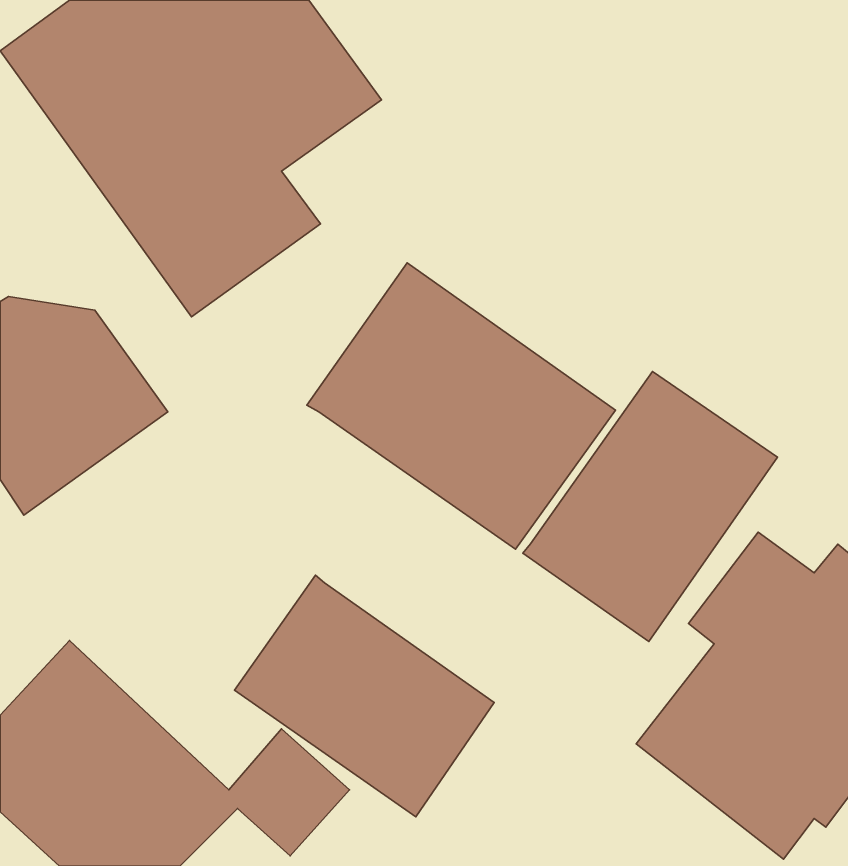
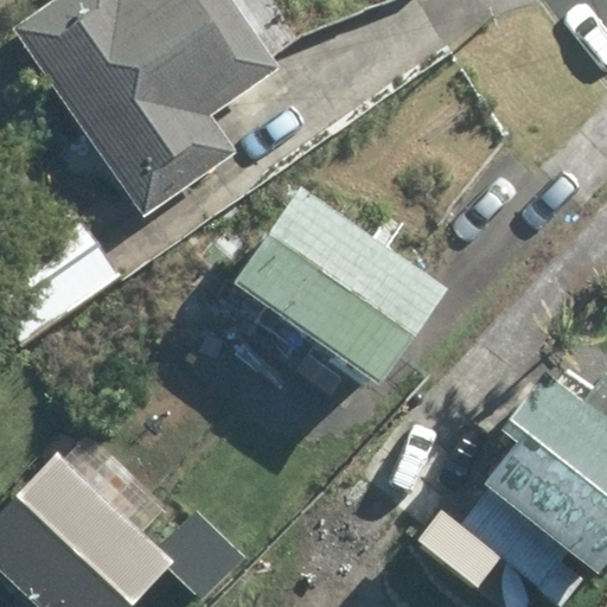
building: [523,372,777,642] -> none
building: [235,575,494,817] -> none

